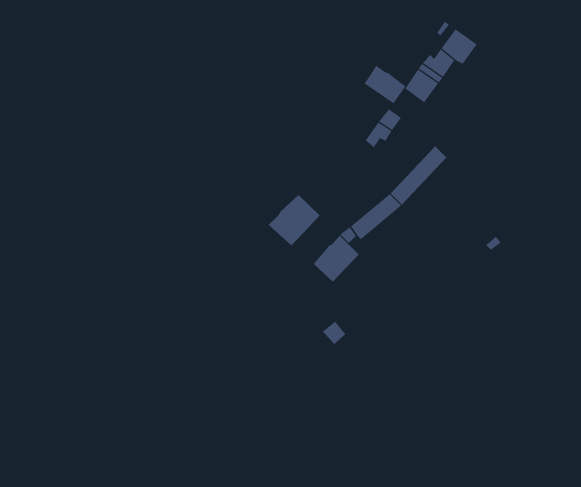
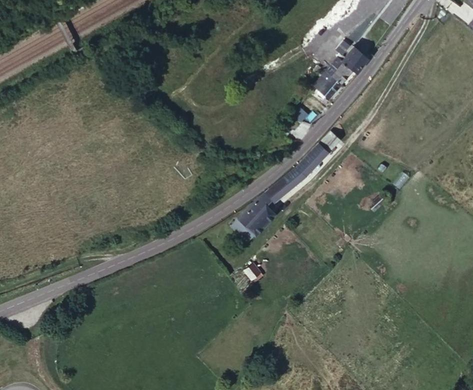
building: [364,65,406,104] -> none
building: [268,194,321,246] -> none

